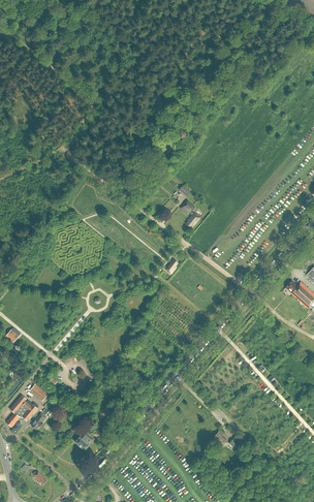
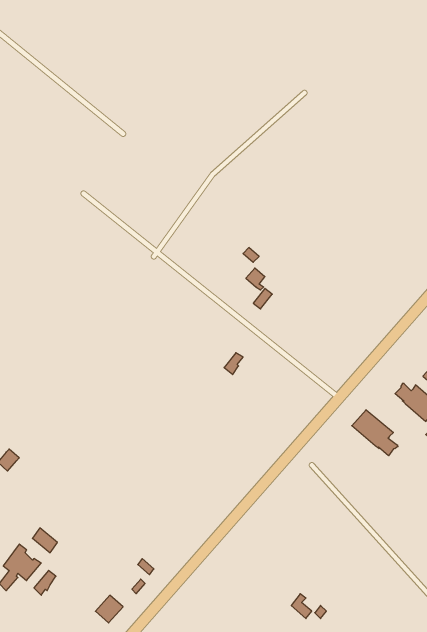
building: none -> [352,410,398,456]

